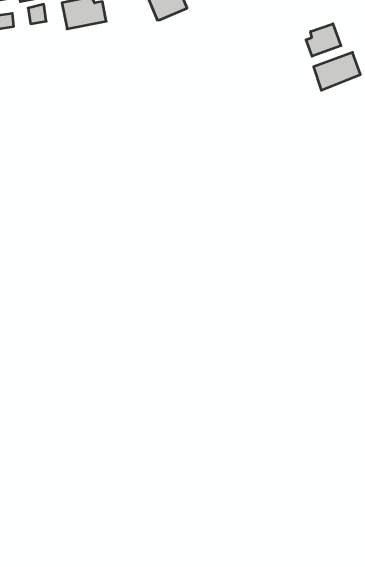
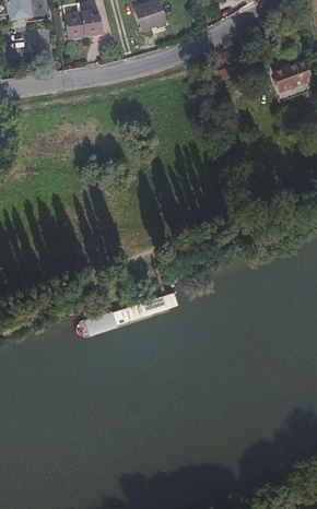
building: [306,24,341,56] -> none

